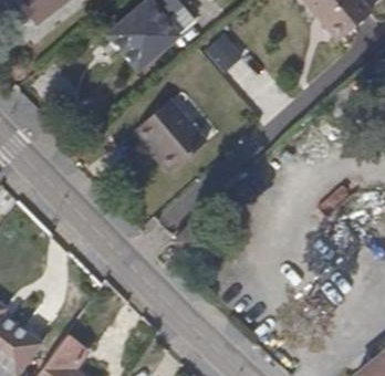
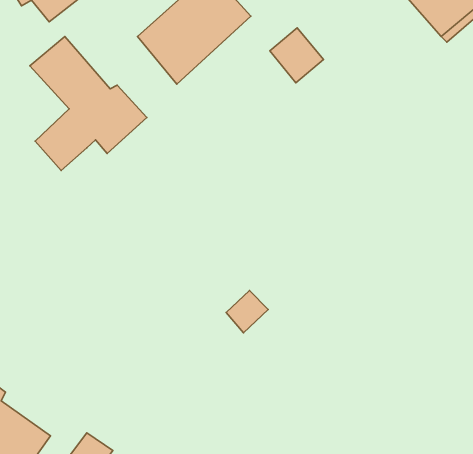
building: none -> [30,37,147,170]
building: [136,102,208,175] -> none

